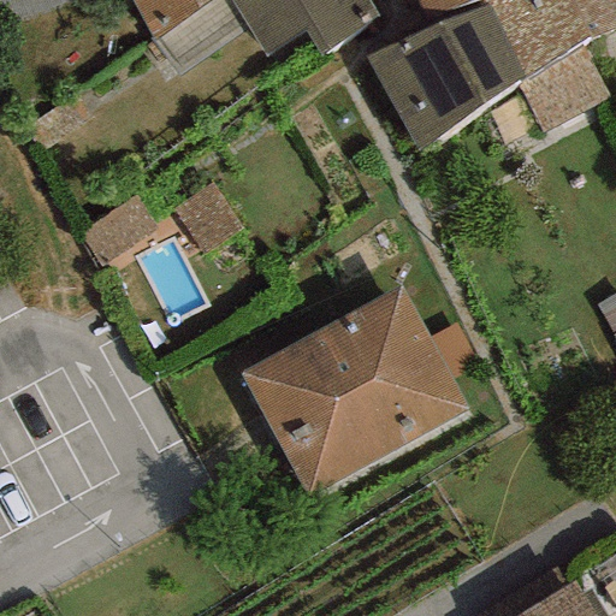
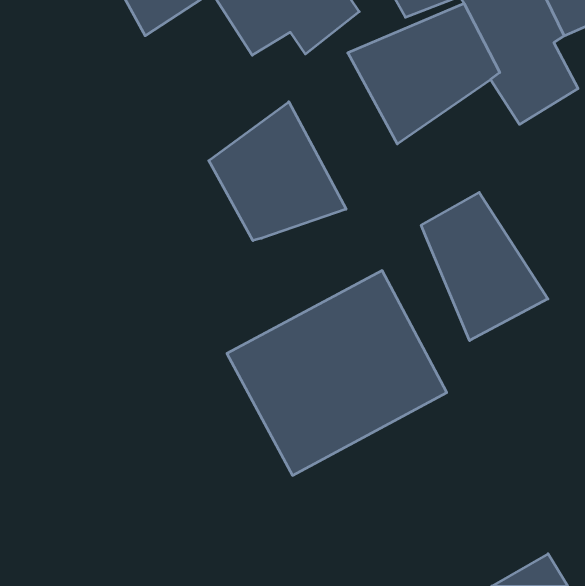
building: none -> [209,102,346,241]
building: none -> [421,192,548,341]

